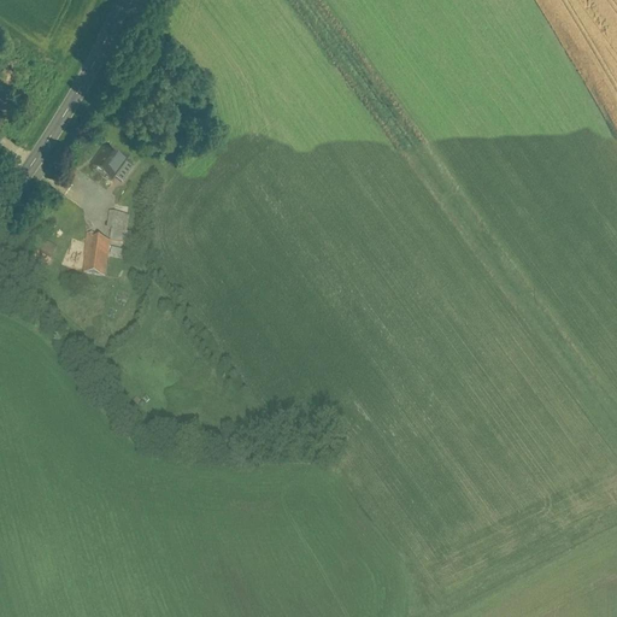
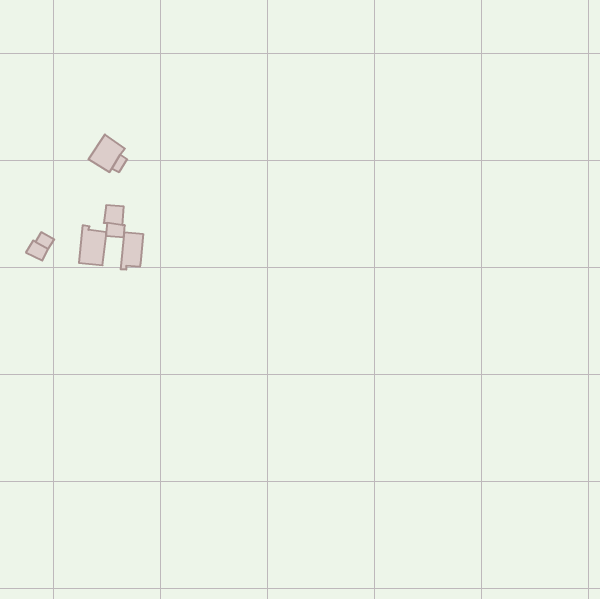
building: none -> [121,232,143,270]

